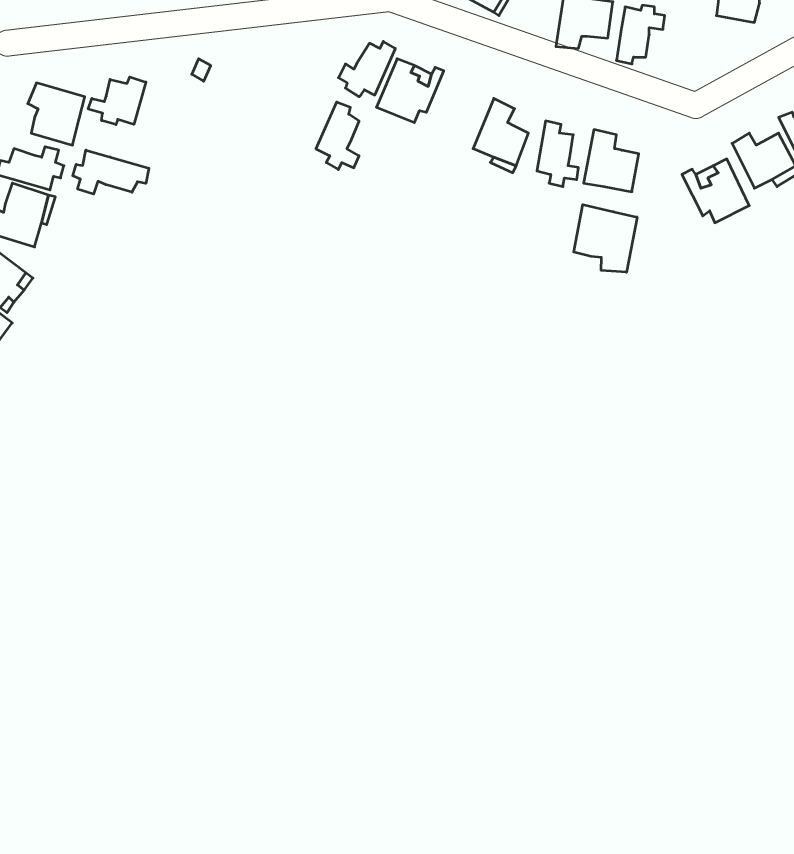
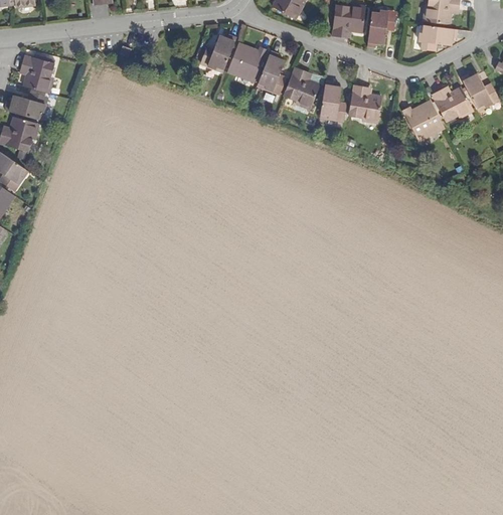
building: none -> [418,24,455,49]
building: [88,77,146,125] -> none
building: [316,102,359,170] -> [259,50,284,90]
building: [73,150,149,194] -> none
building: [574,205,637,272] -> none

